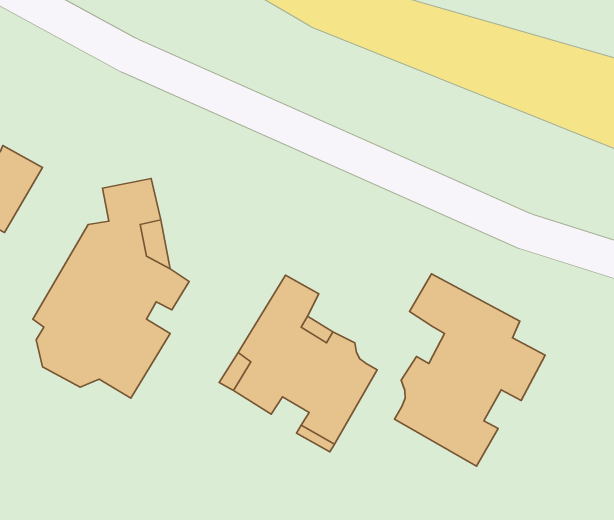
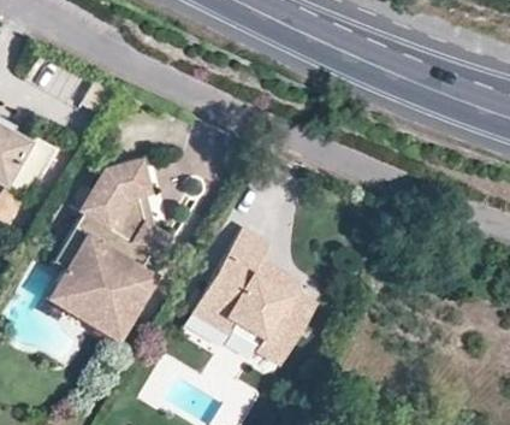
building: [395,274,545,466] -> none

